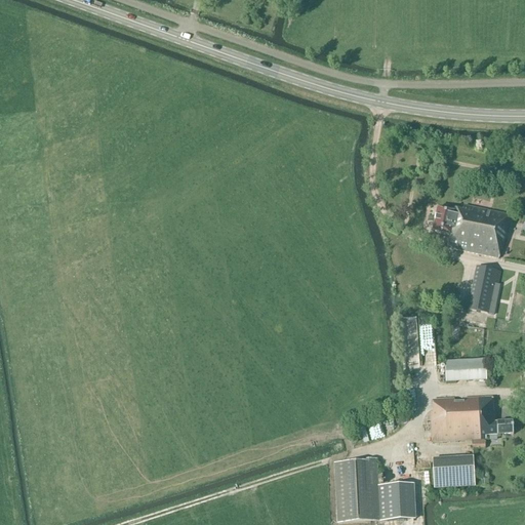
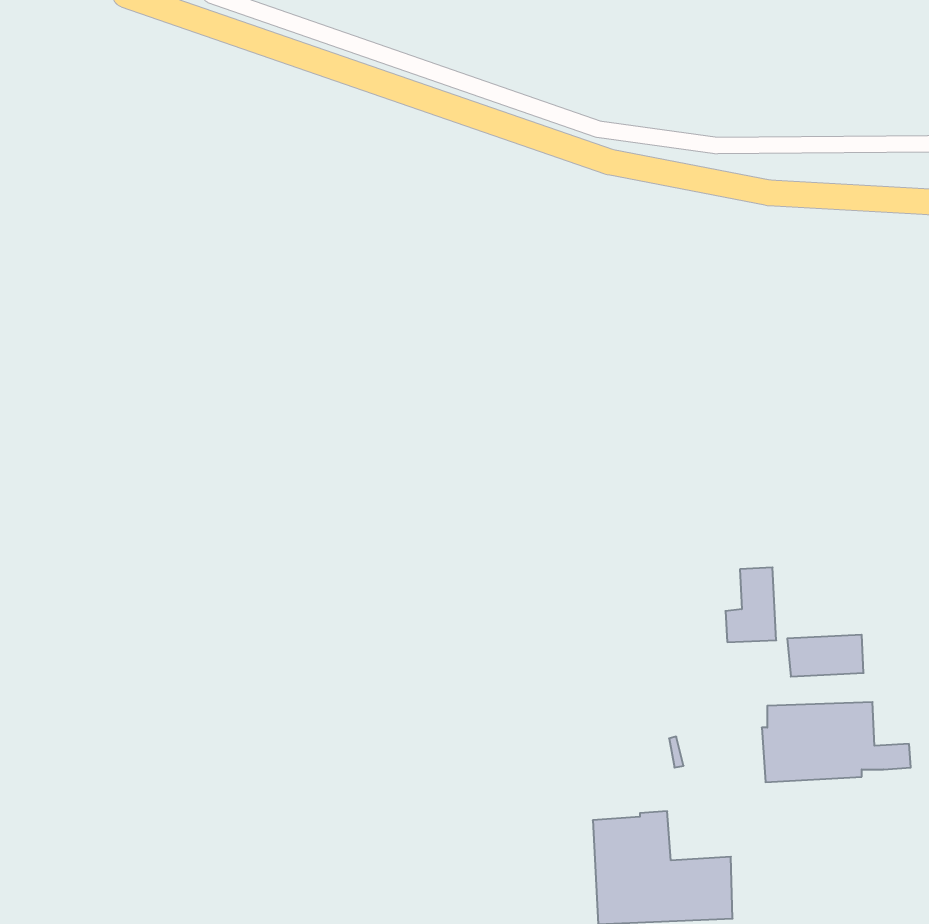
building: [433,204,510,257] -> none
building: [462,265,501,312] -> none
building: [432,454,475,487] -> none

